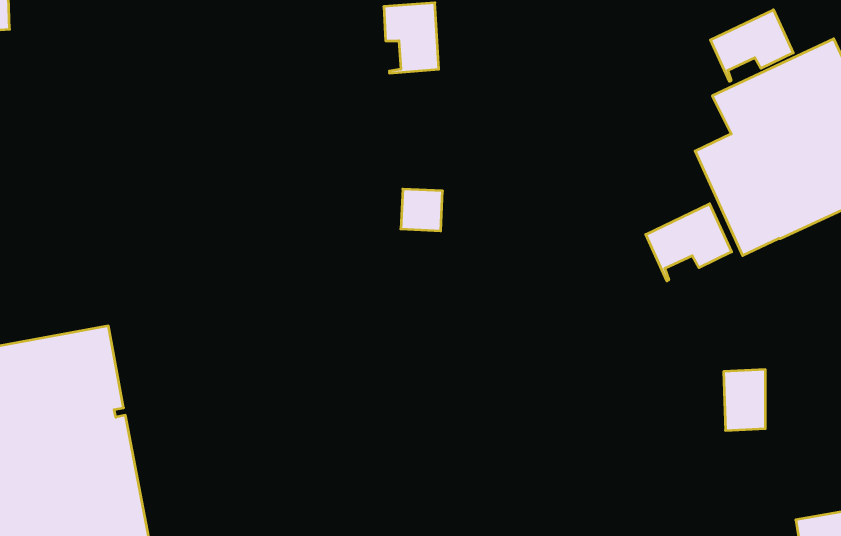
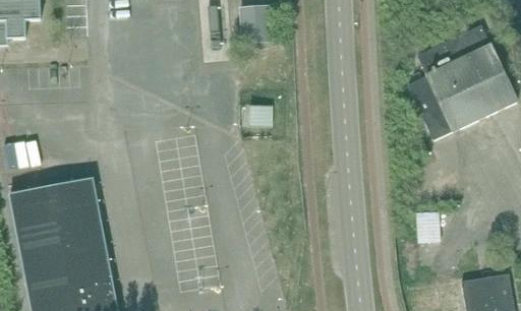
building: [710,10,793,81] -> none
building: [646,204,732,281] -> none

